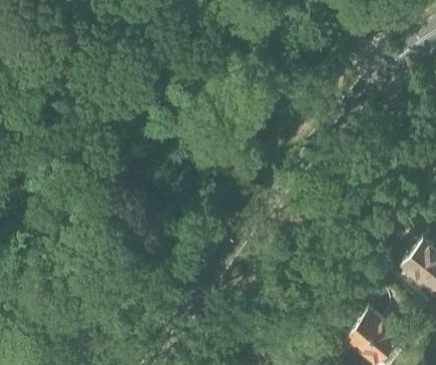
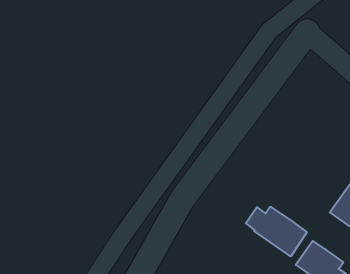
building: none -> [246,207,307,256]

